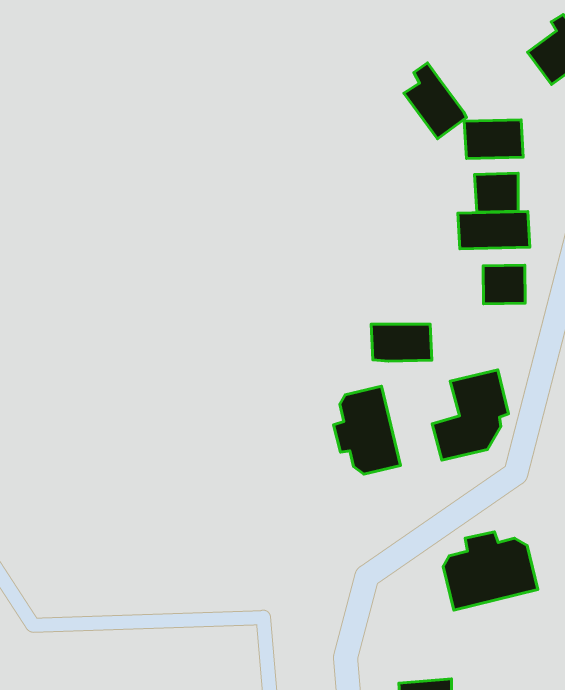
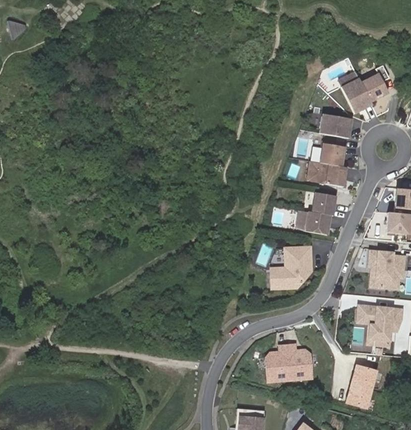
building: [404,63,467,139] -> [336,75,367,116]
building: [371,324,432,361] -> [298,212,331,236]
building: [333,386,400,474] -> none

